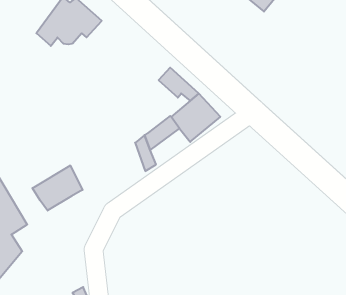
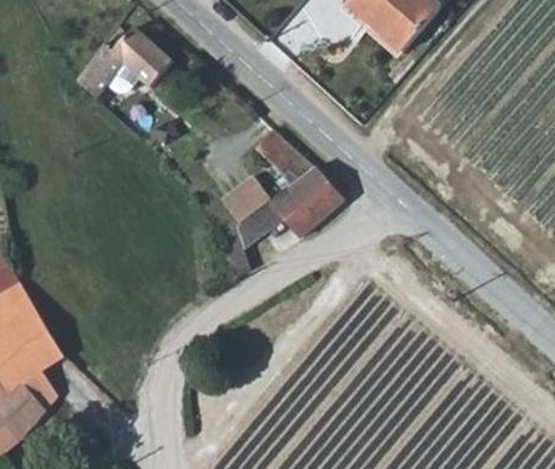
building: none -> [221,172,273,222]
building: [32,165,83,211] -> none

